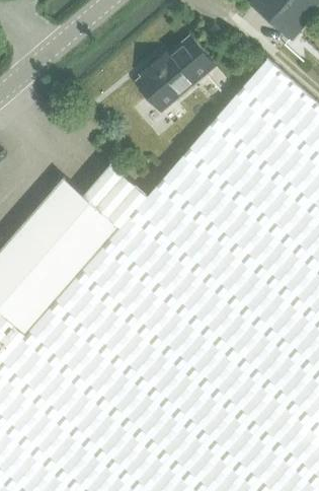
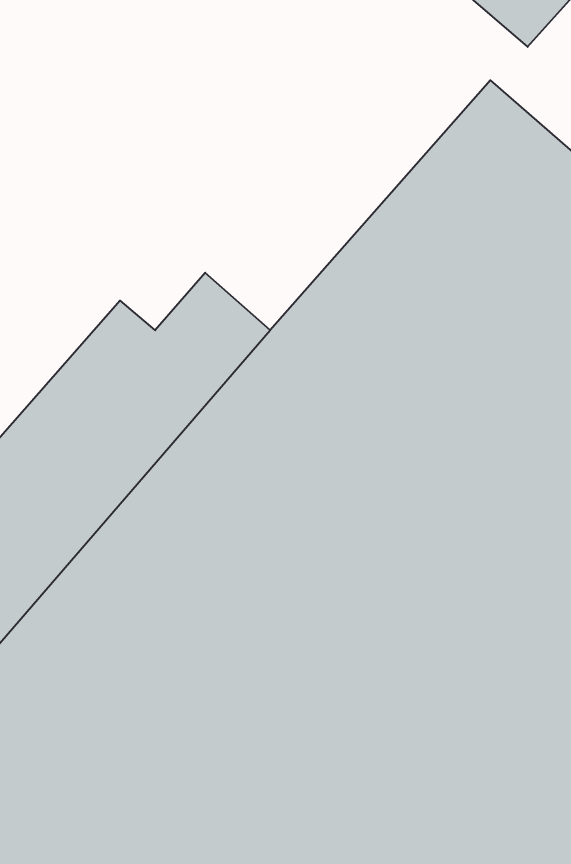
building: [138,38,216,112] -> none

